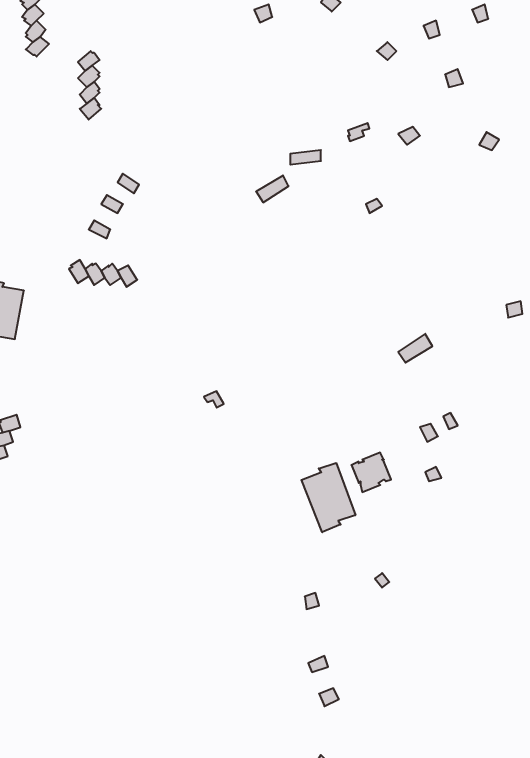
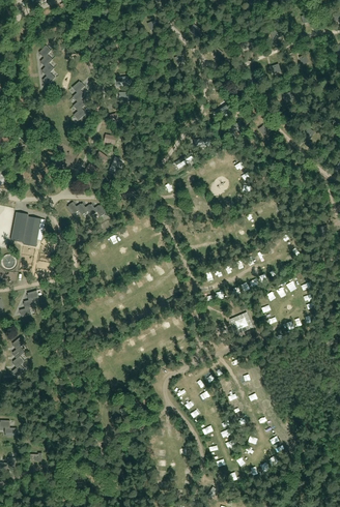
building: [301,463,355,532] -> none

